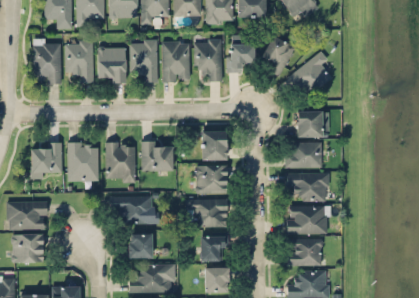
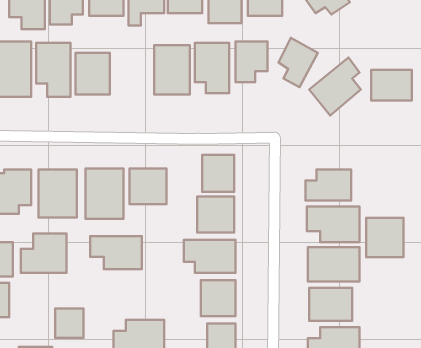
building: [130,39,158,82] -> none
building: [296,111,329,136] -> [371,70,412,101]
building: none -> [366,218,404,257]
building: none -> [21,234,66,273]
building: [129,234,152,258] -> [55,308,83,338]

